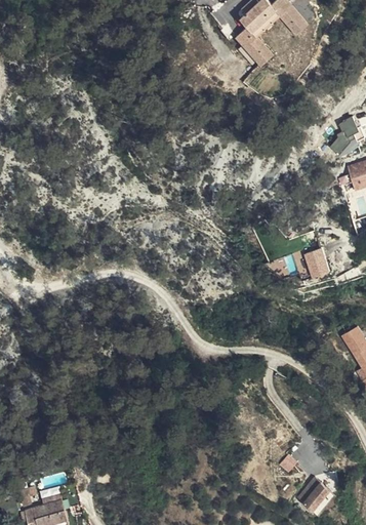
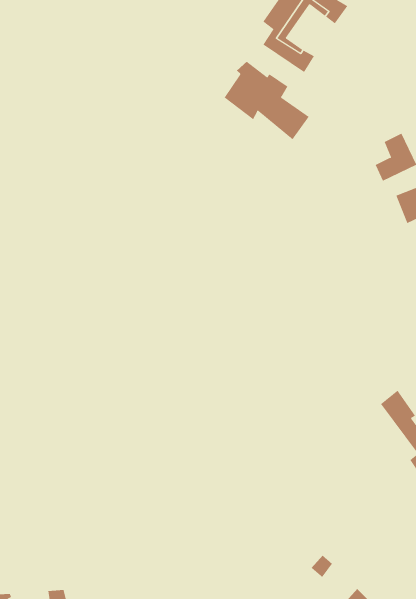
building: none -> [224,61,309,140]
building: [304,249,329,279] -> none

